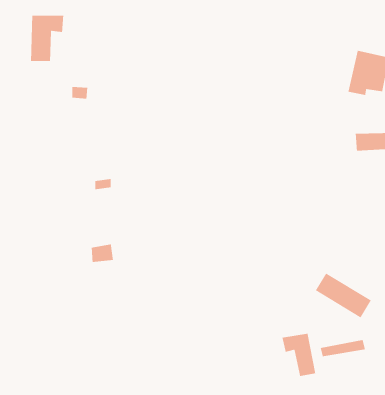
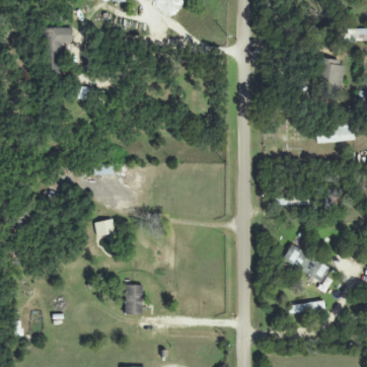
building: none -> [125,284,143,313]
building: [282,333,316,377] -> none

